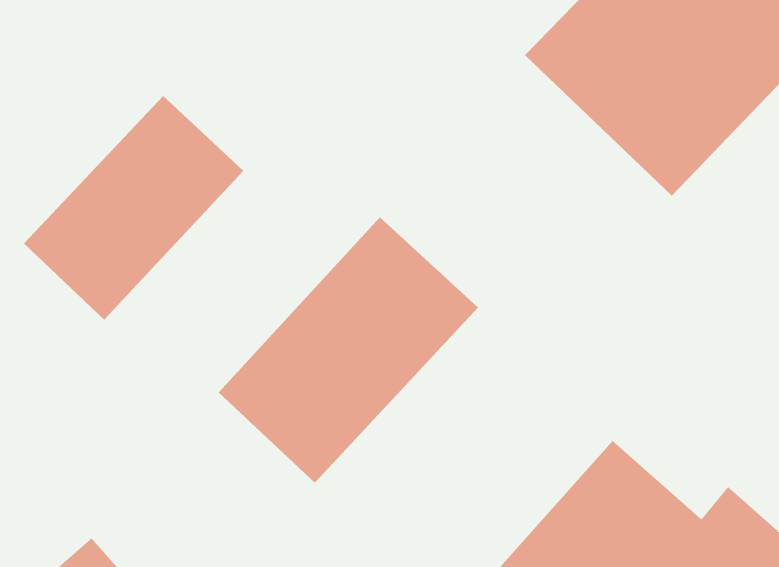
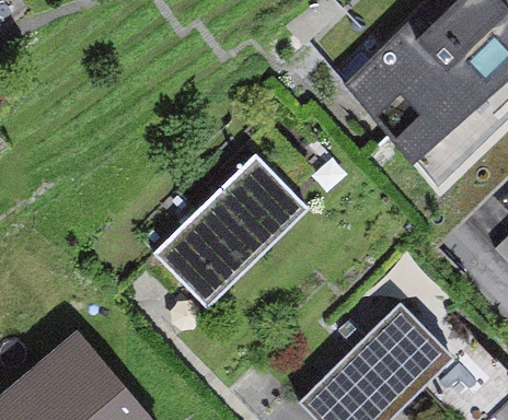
building: [23,95,244,321] -> none

